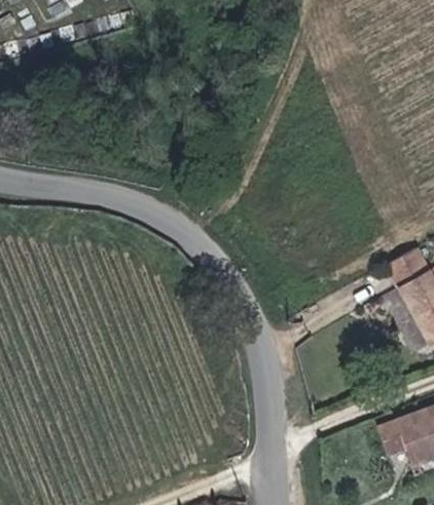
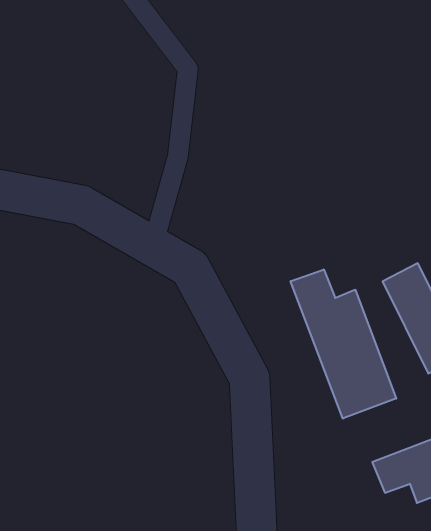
building: none -> [291,269,396,419]

